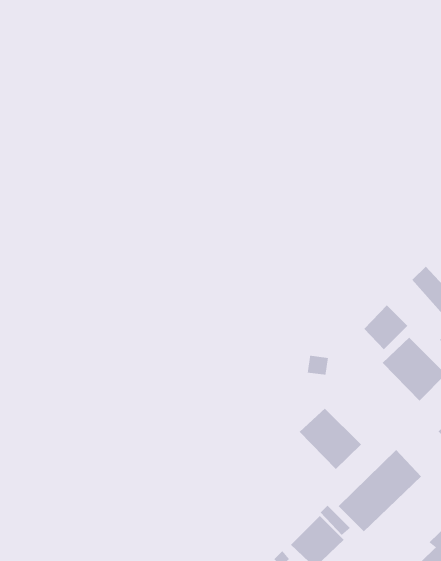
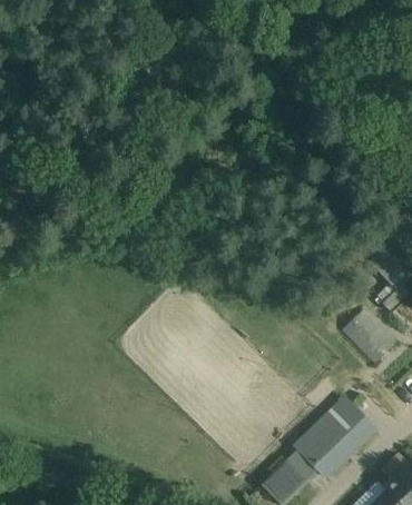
building: [364,305,408,350] -> none
building: [299,408,362,470] -> none

